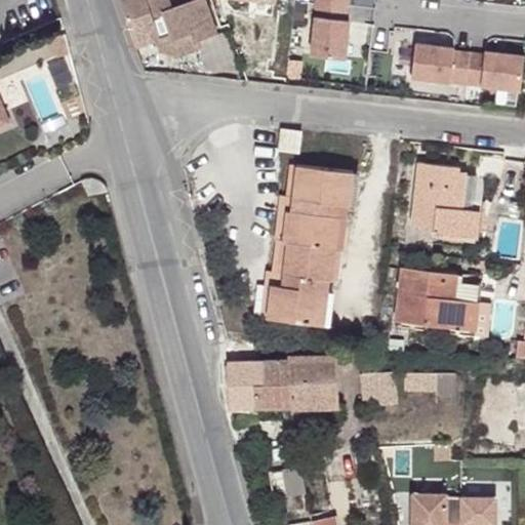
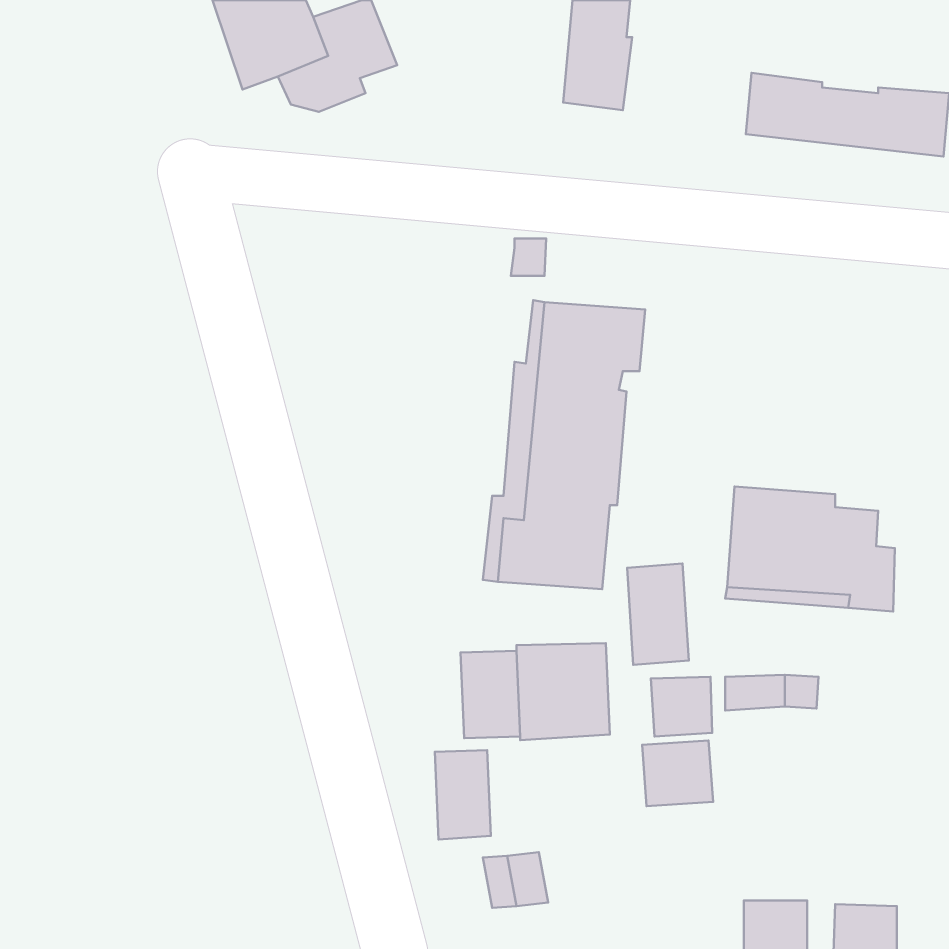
building: [414,163,484,237] -> none
building: none -> [627,564,689,665]
building: [225,361,255,410] -> [435,750,491,840]
building: none -> [642,741,713,806]

